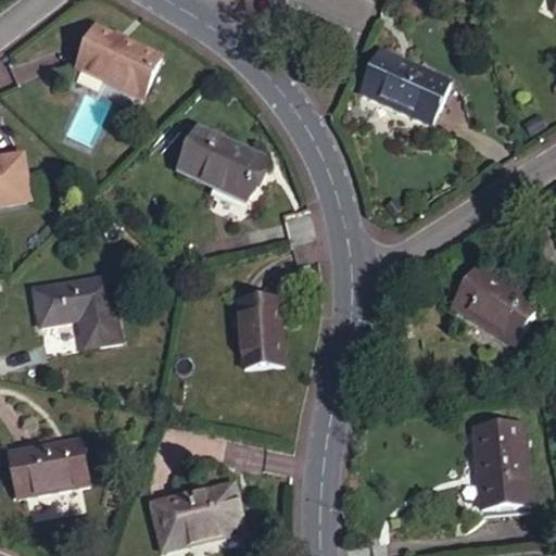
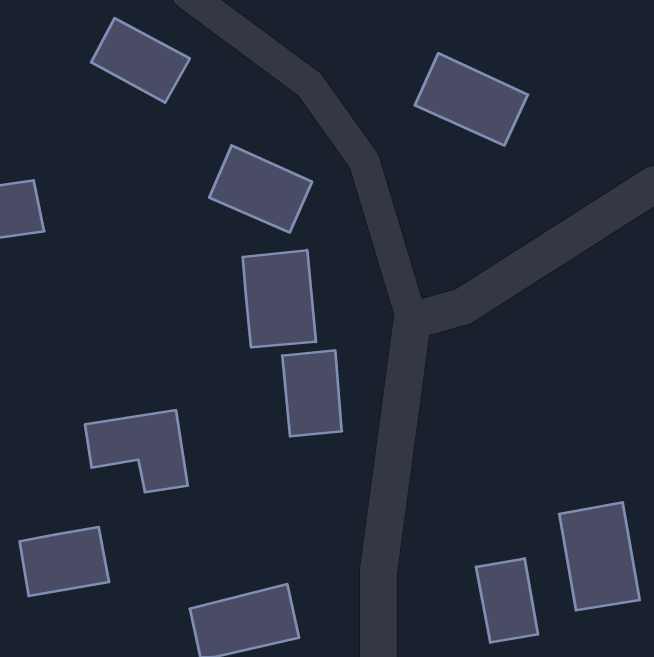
building: none -> [243,250,316,347]
building: [435,263,526,342] -> none
building: [31,277,117,345] -> [85,410,188,492]
building: none -> [476,558,538,643]

